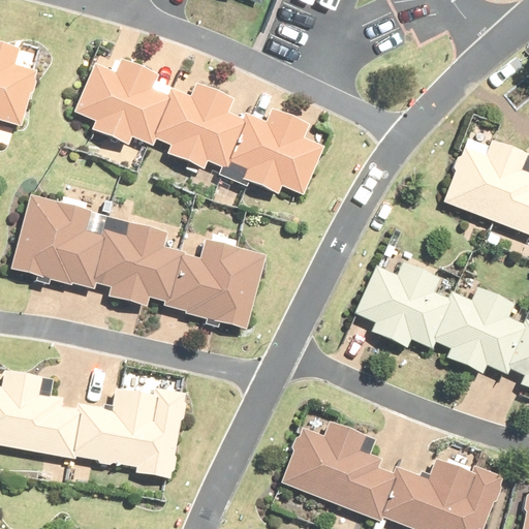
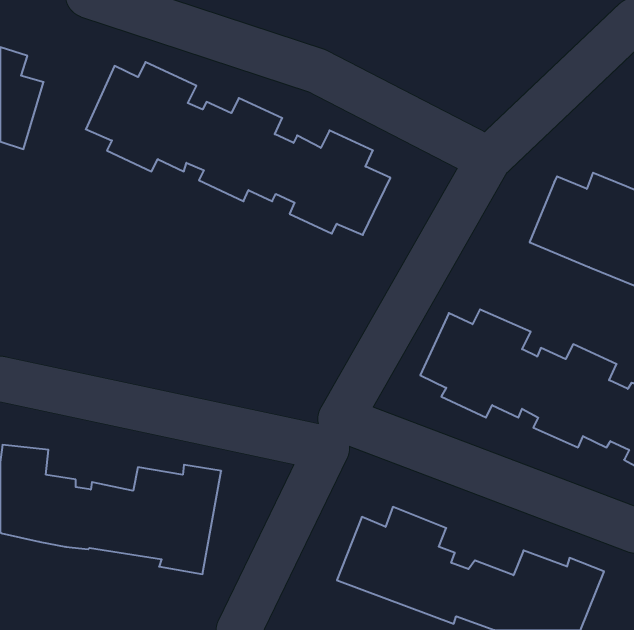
building: [9,193,264,332] -> none

